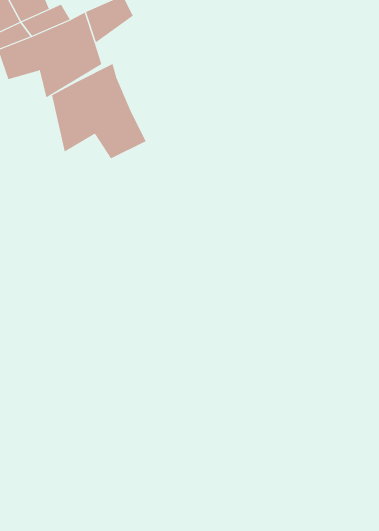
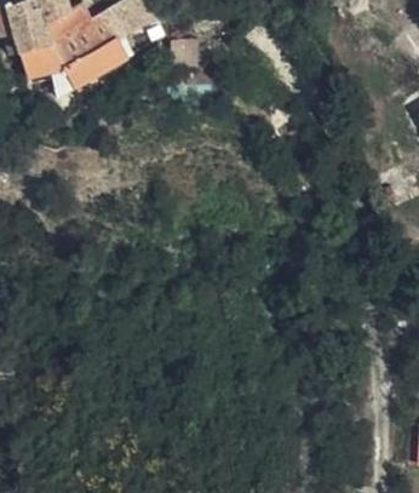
building: [52,63,147,159] -> none

